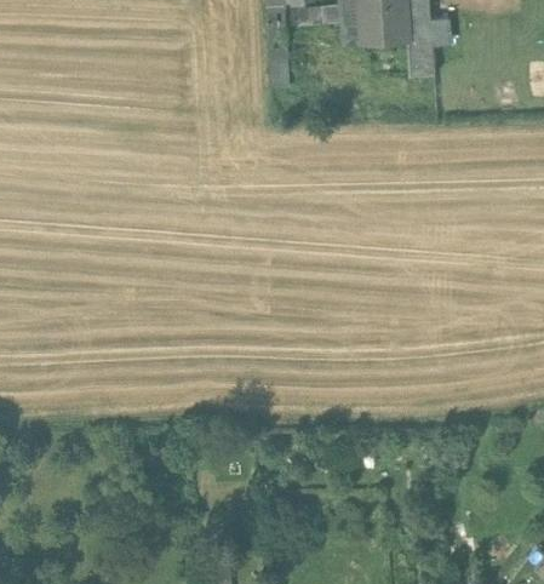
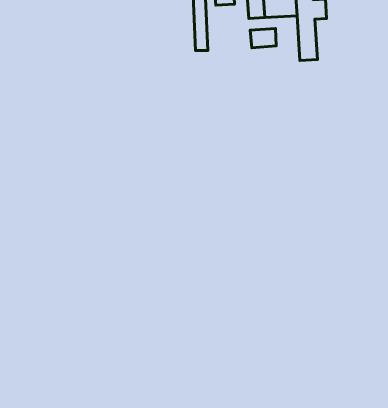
building: none -> [250,28,276,48]

